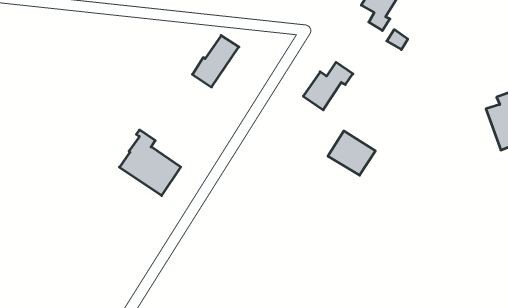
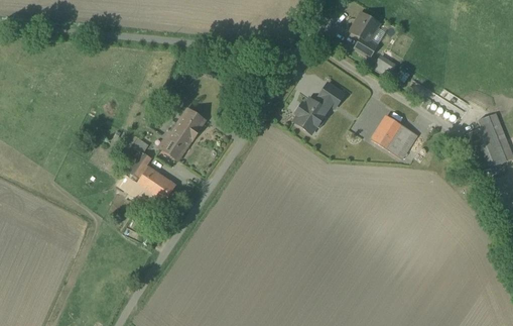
building: [192,35,239,87] -> [159,109,204,158]
building: [328,131,375,175] -> [371,114,416,156]

